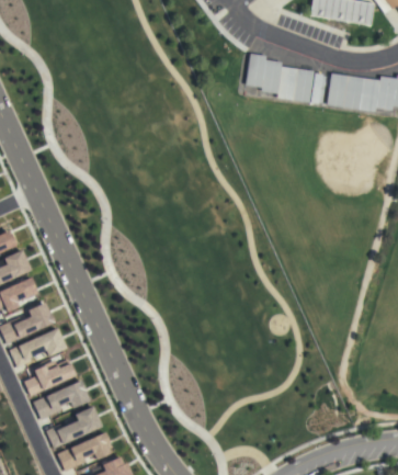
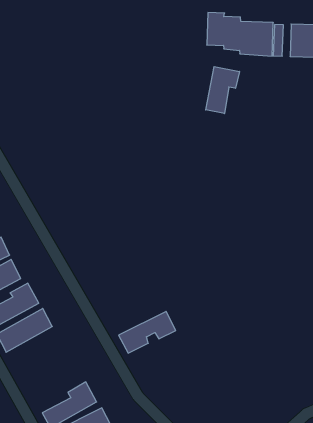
building: none -> [206,67,239,114]
building: [23,362,75,396] -> none
building: [32,382,89,419] -> [119,311,176,353]

